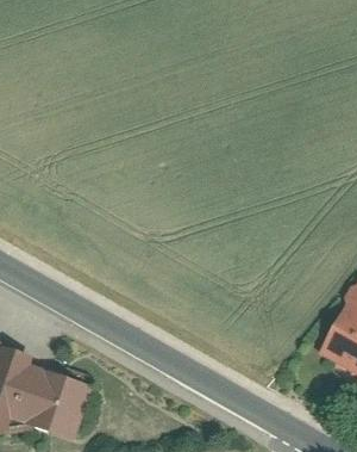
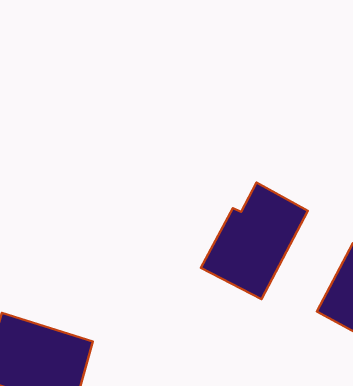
building: none -> [201,182,308,299]

